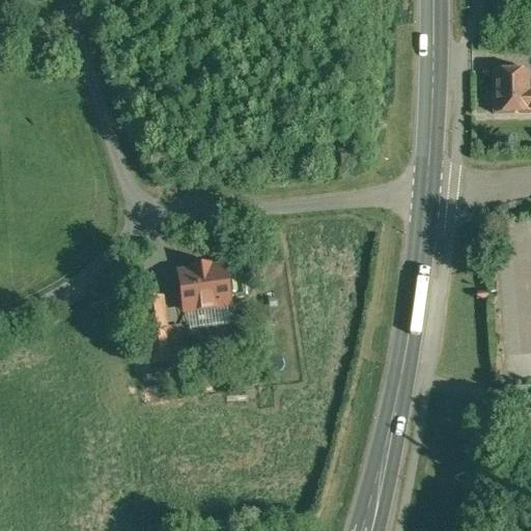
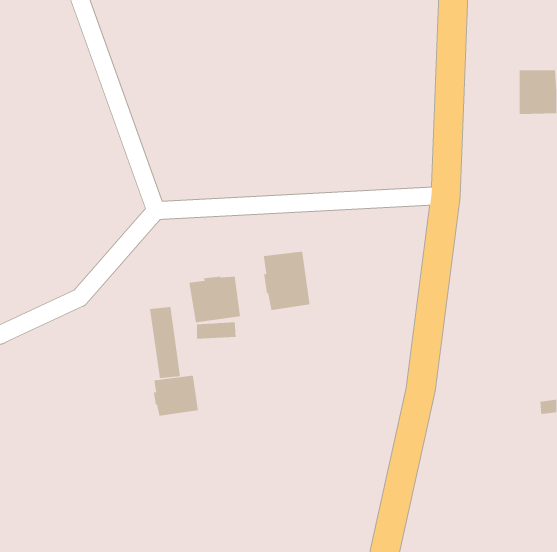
building: none -> [263,251,310,311]
building: none -> [153,375,198,417]

